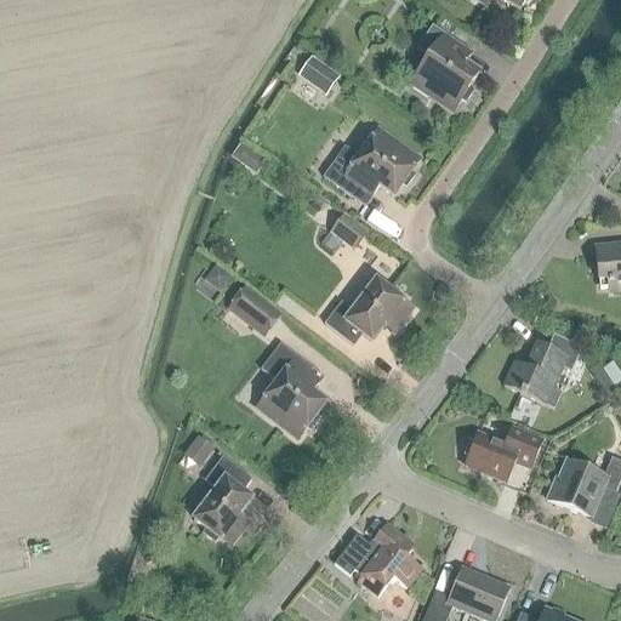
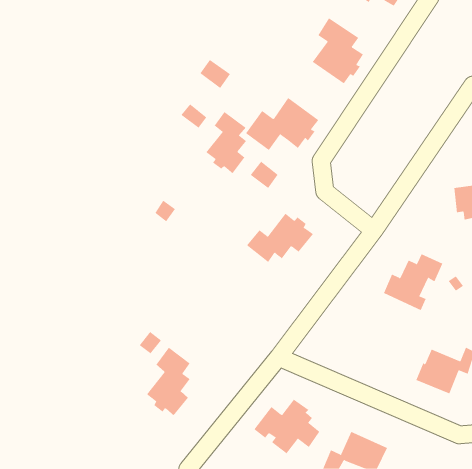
building: [298,55,340,93] -> [199,59,231,89]
building: none -> [206,111,247,174]
building: [230,287,279,332] -> none
building: [257,342,325,437] -> none
building: [465,427,541,480] -> none

